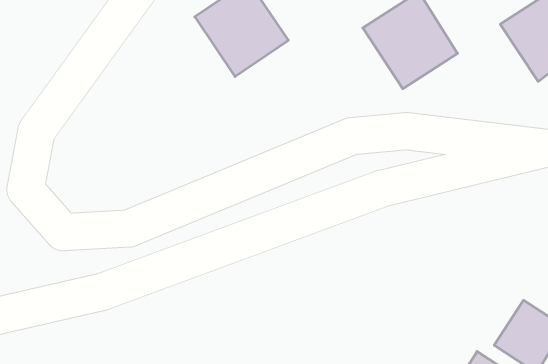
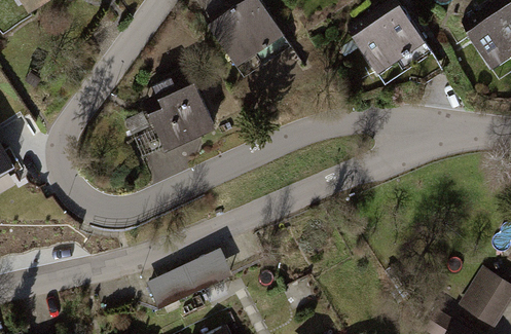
building: none -> [140,81,213,155]
building: none -> [149,249,232,307]

